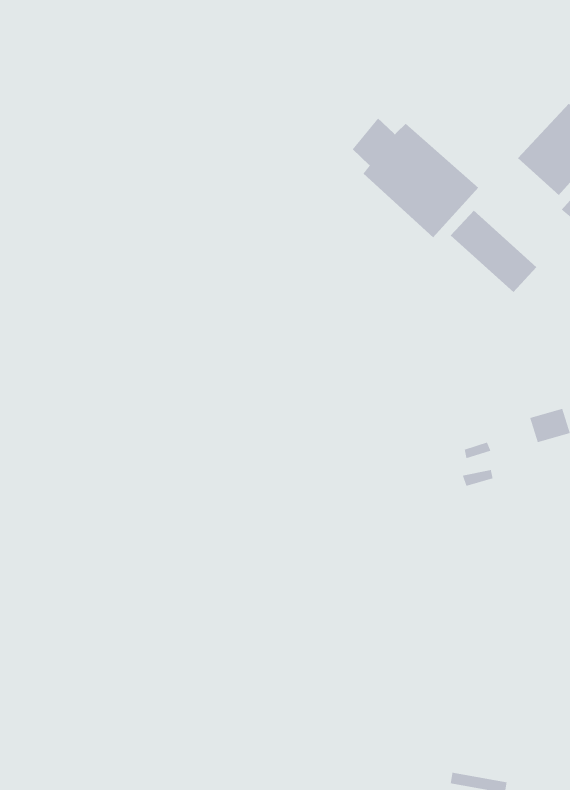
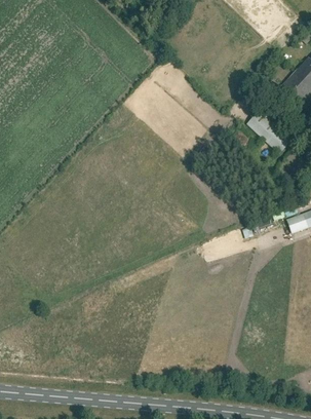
building: [352,117,479,238] -> none

